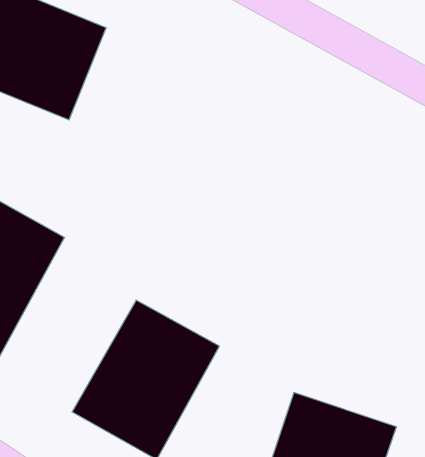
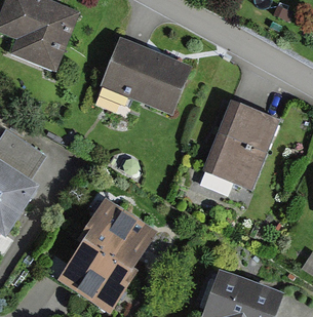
building: none -> [100,42,190,124]
building: none -> [197,101,280,196]

